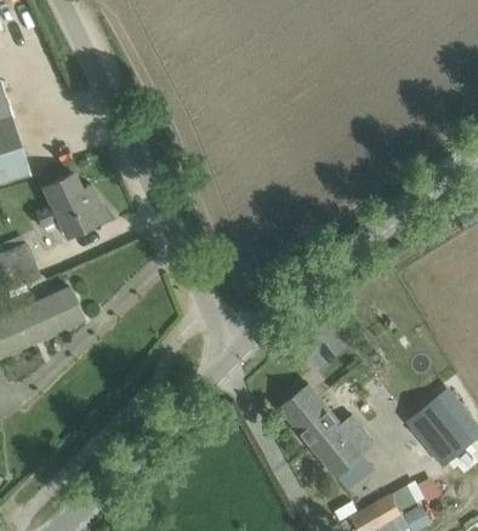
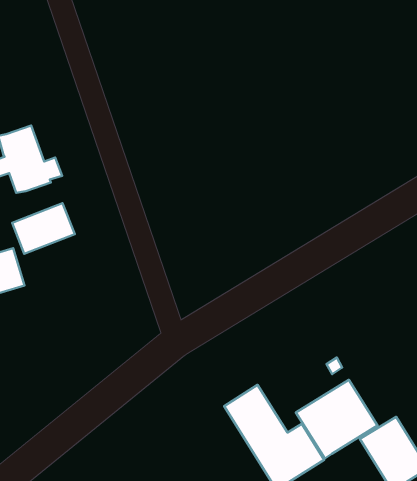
building: none -> [12,203,75,254]
building: none -> [296,380,377,458]

